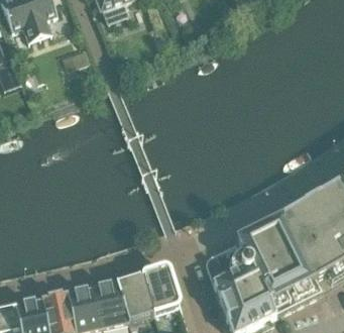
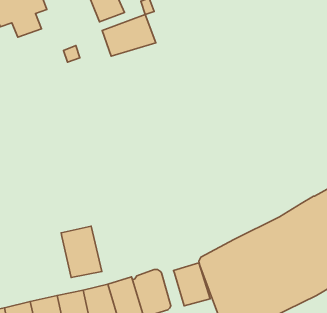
building: none -> [102,15,156,56]
building: none -> [61,226,102,277]
building: none -> [174,263,210,306]

